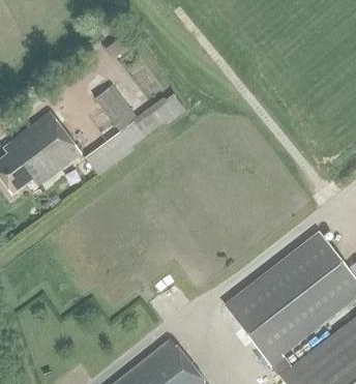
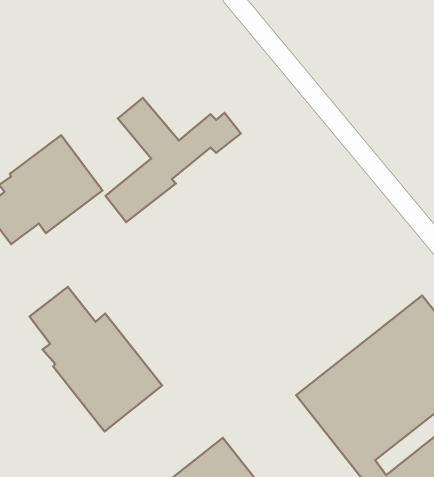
building: none -> [29,287,162,432]

